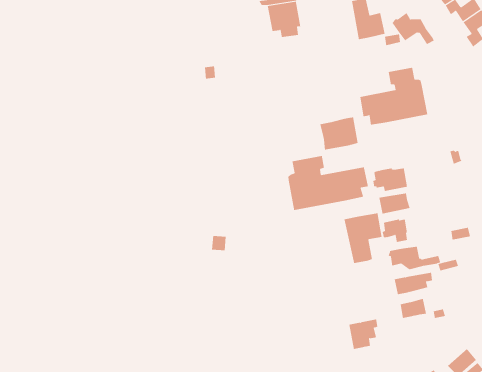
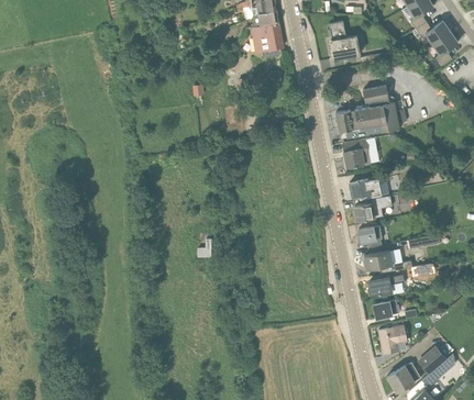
building: [392,12,434,45] -> none
building: [319,117,359,150] -> [342,137,378,168]
building: [288,155,368,211] -> none
building: [344,213,382,264] -> none
building: [348,319,378,349] -> [378,325,406,354]

